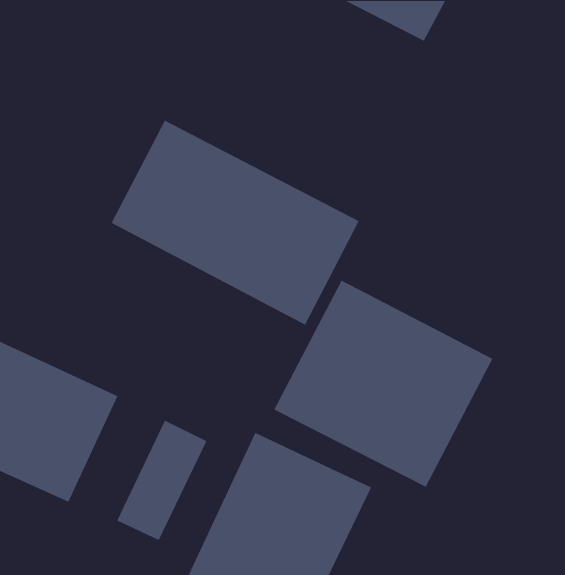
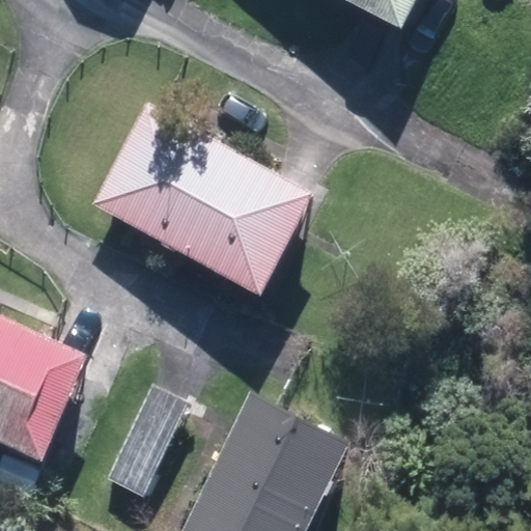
building: [273,279,493,488] -> none

